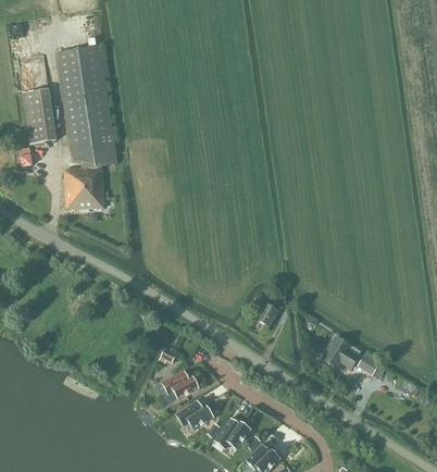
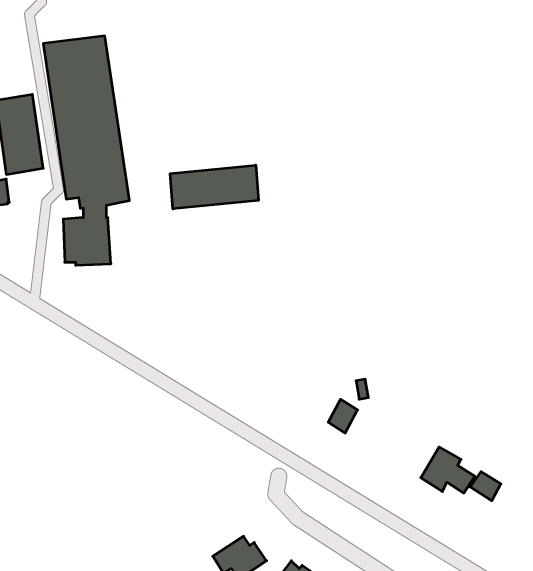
building: none -> [170,165,258,209]
building: [162,369,199,398] -> none

